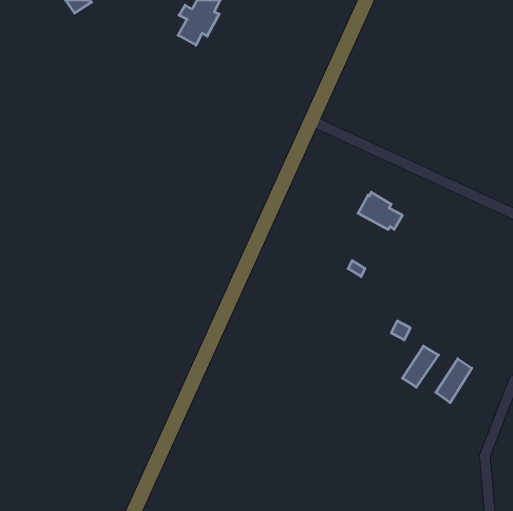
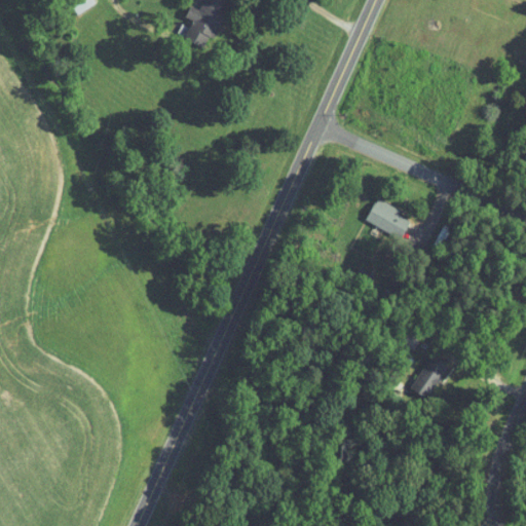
building: [436,359,472,403] -> none

